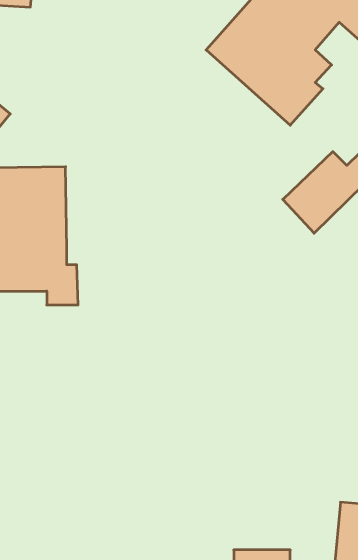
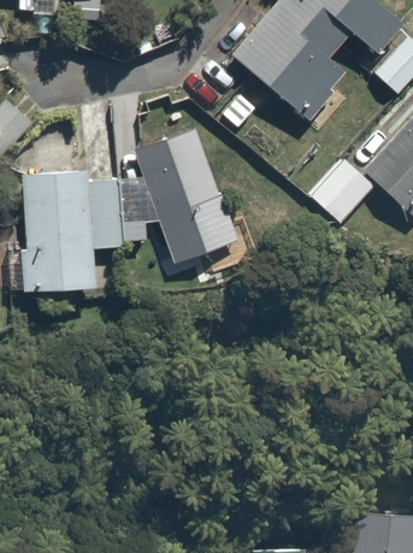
building: none -> [119,127,248,267]

